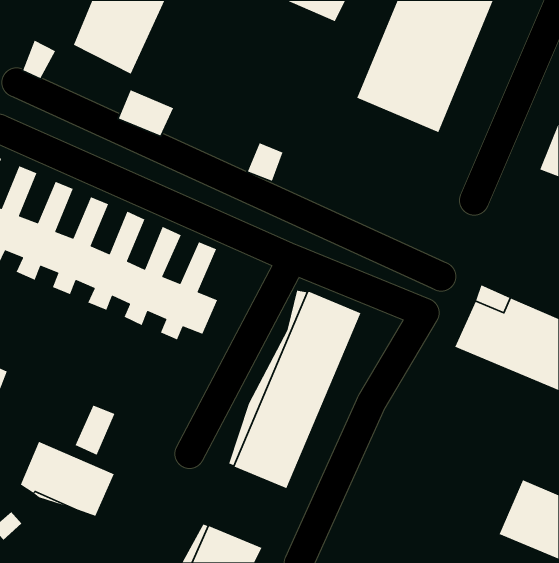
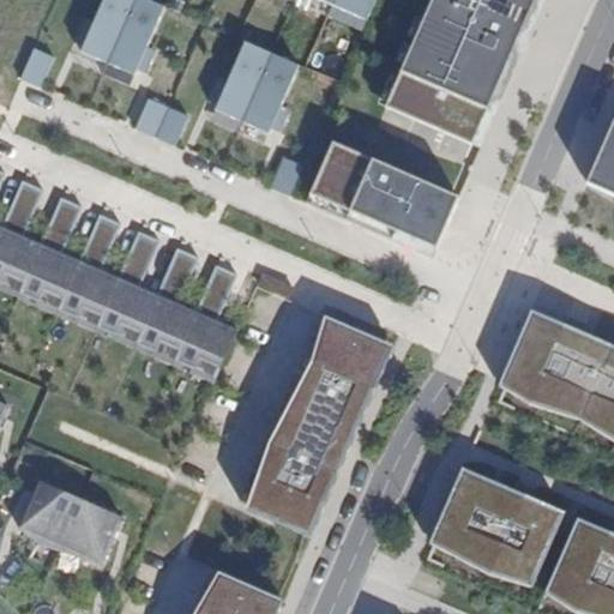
building: none -> [204,32,303,140]
building: none -> [302,144,453,249]
building: [75,405,116,456] -> none
building: none -> [427,471,552,574]

